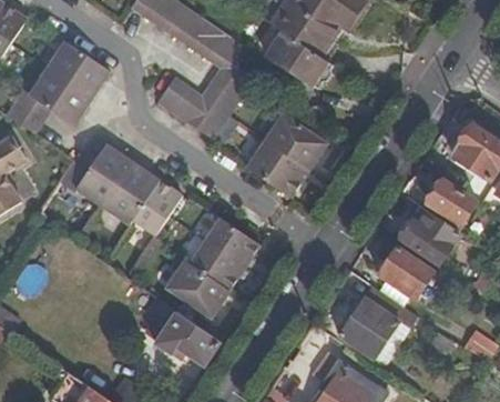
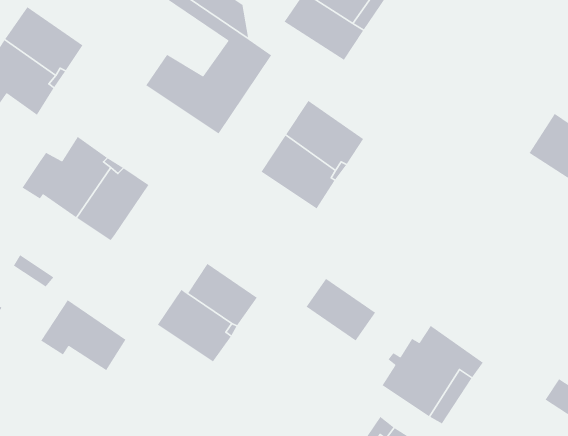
building: [425,179,477,227] -> none
building: [133,180,182,235] -> none
building: [401,212,459,264] -> none
building: [204,218,258,267] -> [306,278,376,341]
building: [378,245,435,300] -> none
building: [153,311,220,366] -> [40,299,127,371]

